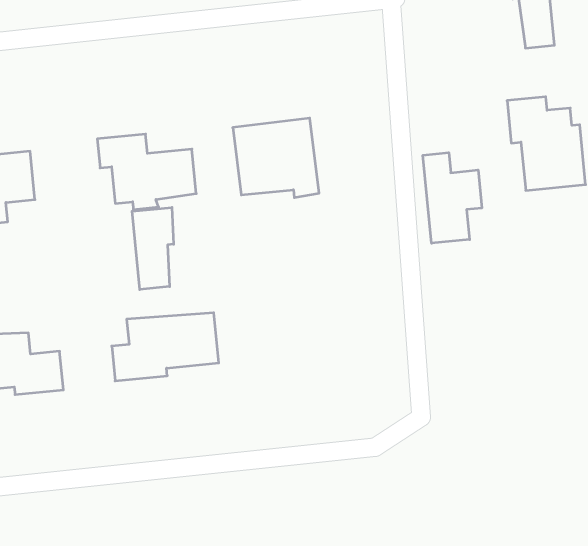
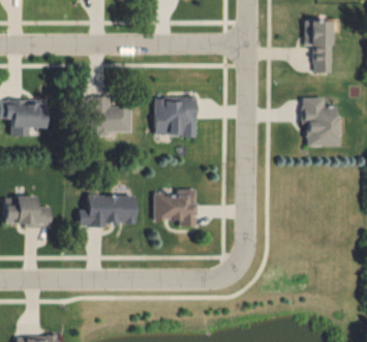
building: [423,153,482,243] -> none
building: [132,207,174,290] -> none
building: none -> [155,189,197,226]

